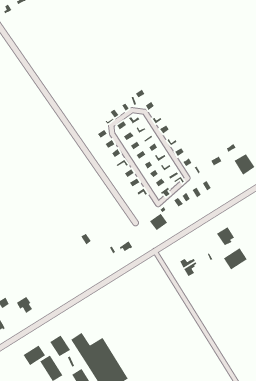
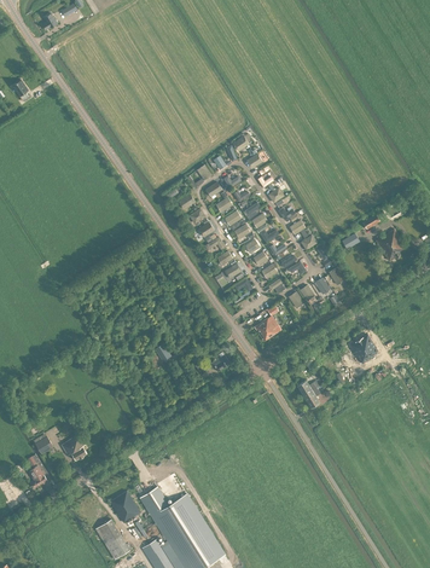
building: [223,247,248,270] -> none
building: [22,344,46,366] -> none

